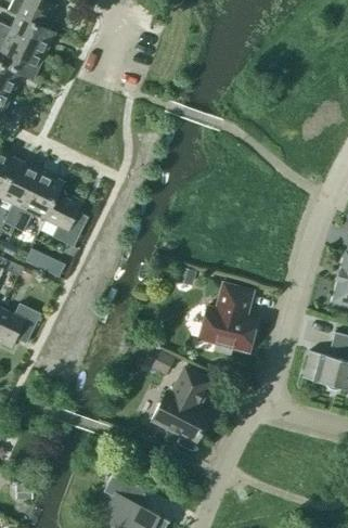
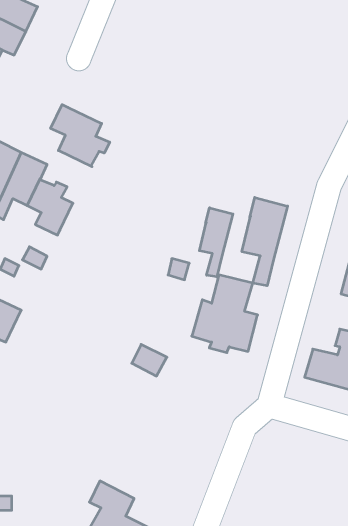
building: none -> [51,105,110,167]
building: none -> [242,197,288,286]
building: none -> [199,208,233,277]
building: [152,366,211,442] -> none

